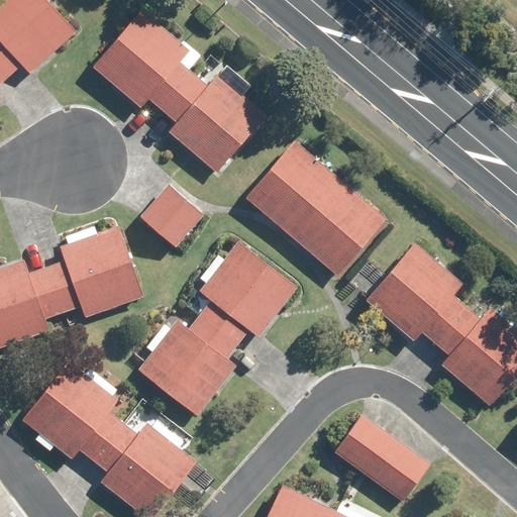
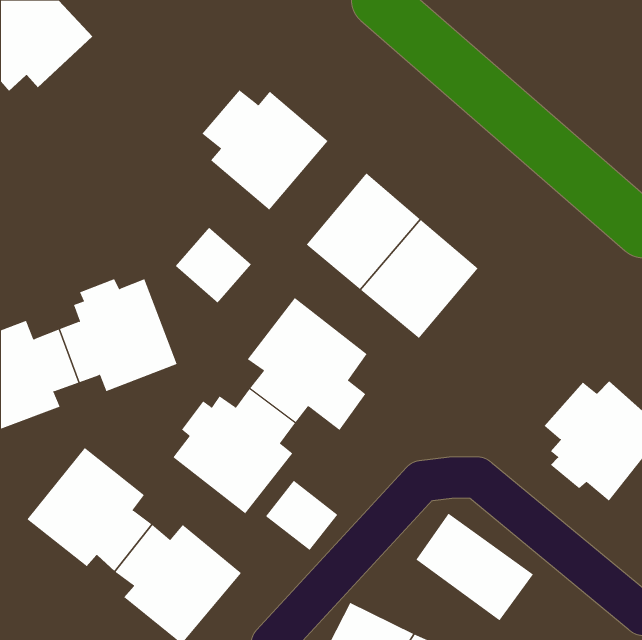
building: [93,8,202,110] -> none
building: [366,241,483,344] -> none
building: none -> [265,480,338,551]

